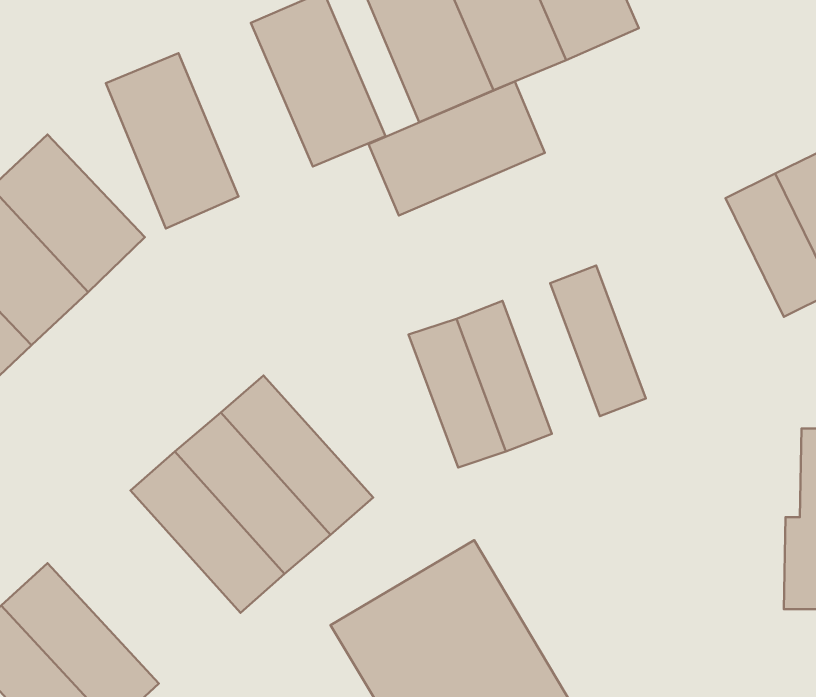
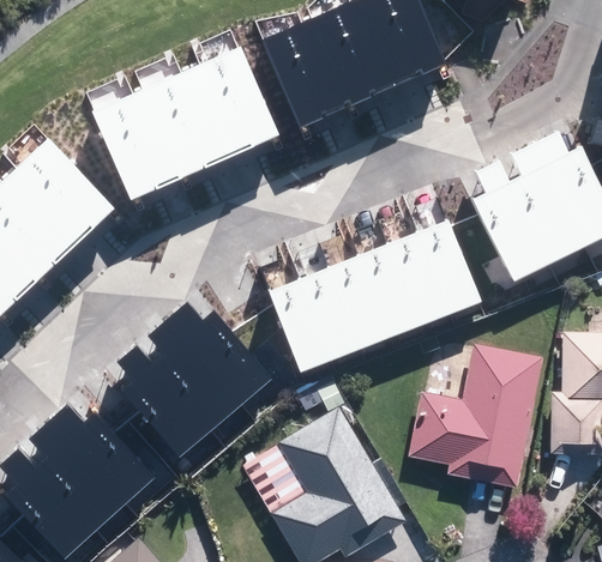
building: none -> [139,60,230,177]
building: [369,81,545,216] -> none
building: none -> [475,179,549,274]
building: none -> [422,212,488,314]
building: none -> [359,236,425,338]
building: none -> [264,271,329,373]
building: none -> [408,345,542,491]
building: none -> [50,399,155,507]

